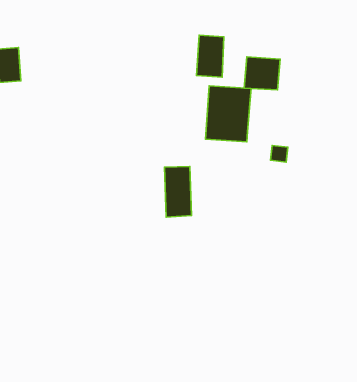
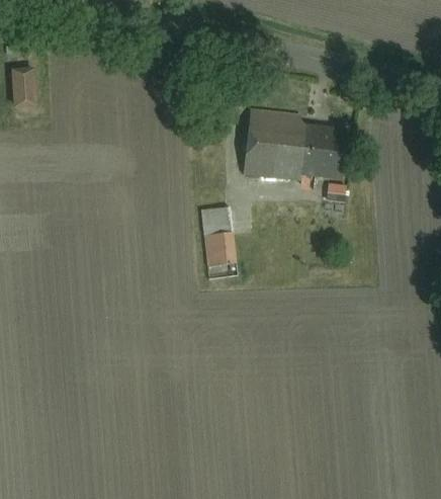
building: [197,35,224,77] -> none
building: [244,57,280,90] -> [299,129,341,167]

